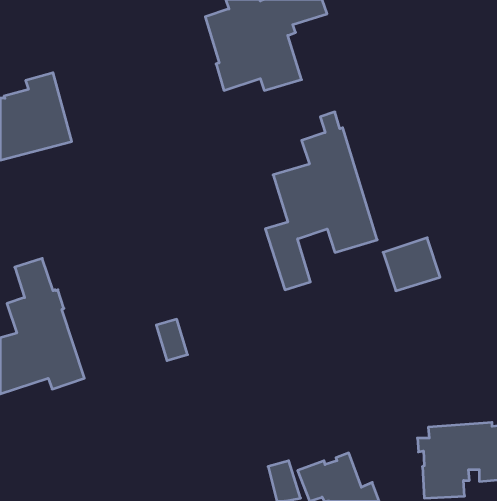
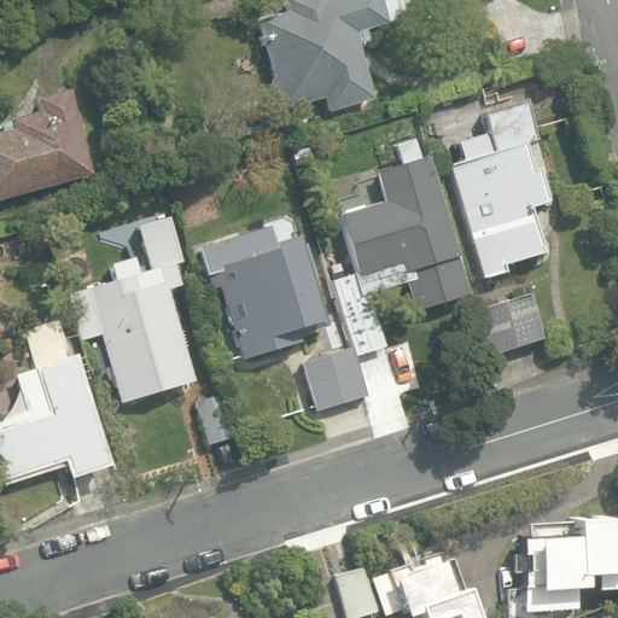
building: none -> [450,104,550,281]
building: none -> [68,211,197,402]
building: none -> [199,226,327,358]
building: none -> [303,345,367,410]

